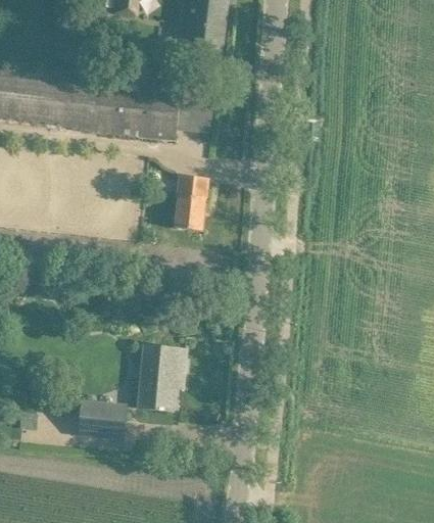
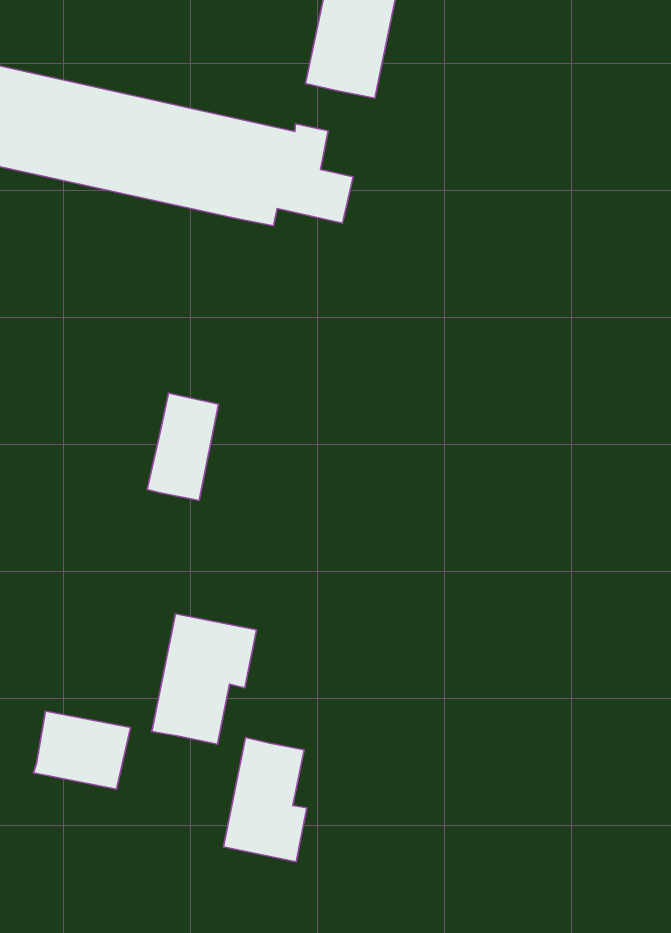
building: [176,176,208,230] -> [147,393,219,501]
building: none -> [224,738,307,862]

